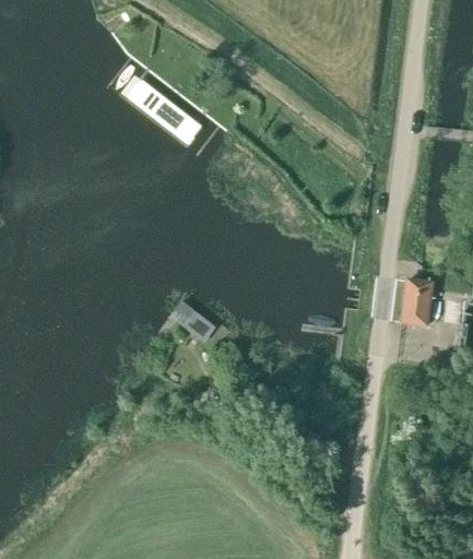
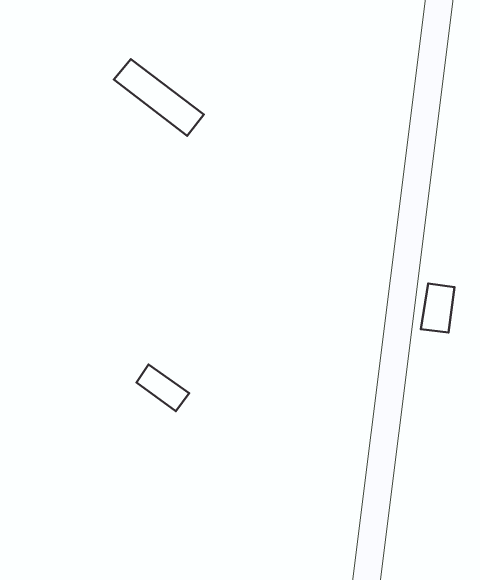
building: [168,299,216,342] -> [136,364,189,411]

